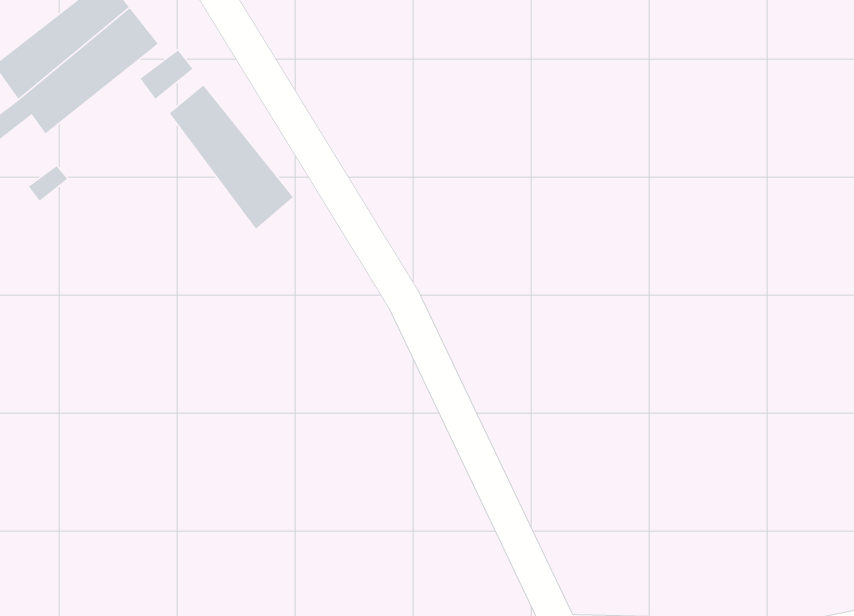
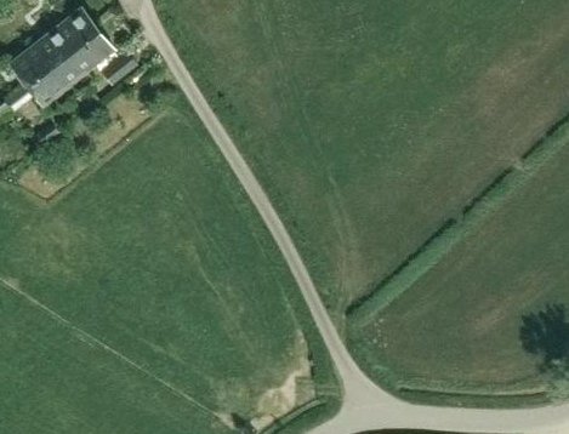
building: [169,85,294,230] -> none

